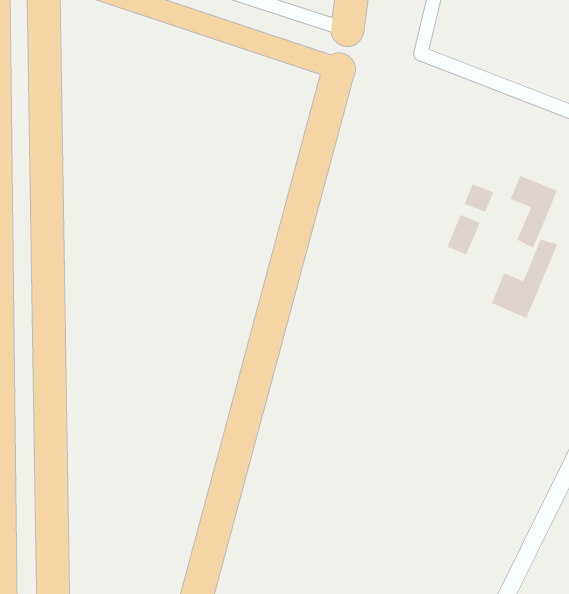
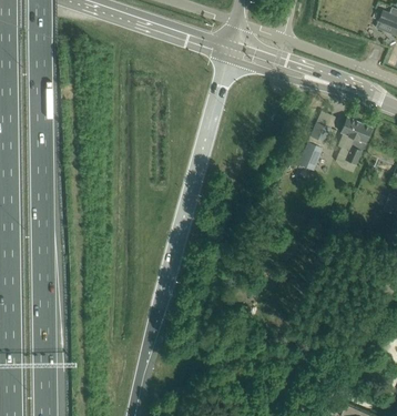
building: [491,239,558,319] -> none

